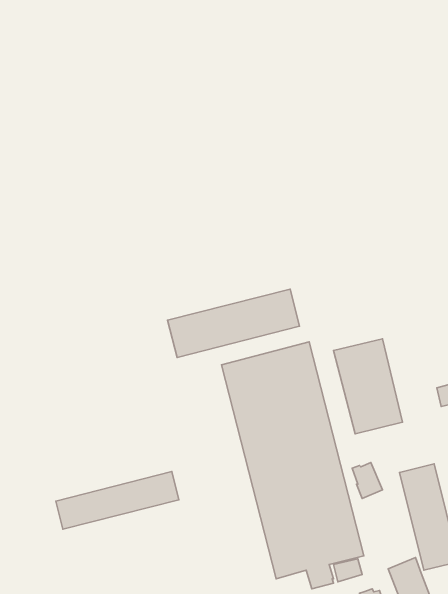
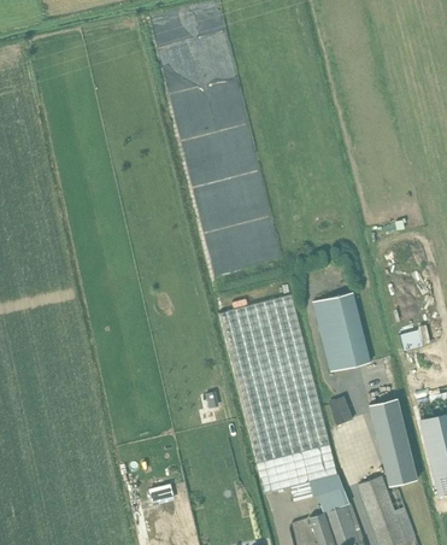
building: [168,289,300,357] -> none
building: [56,472,179,529] -> none

